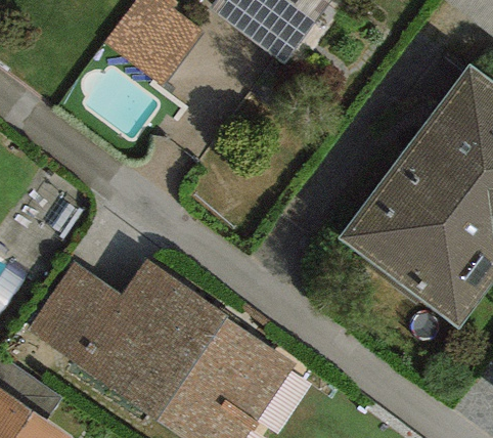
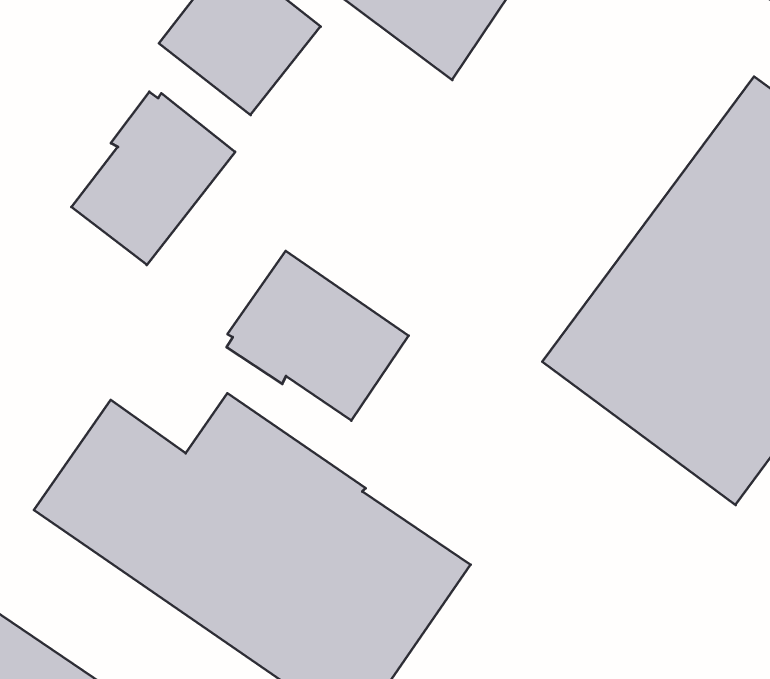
building: none -> [71,92,235,265]
building: none -> [227,251,409,421]

